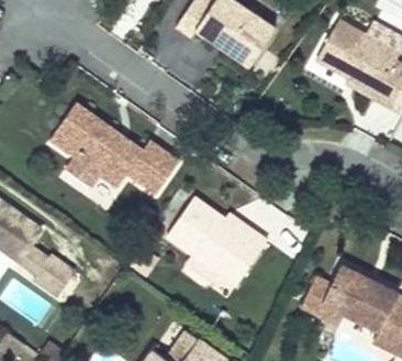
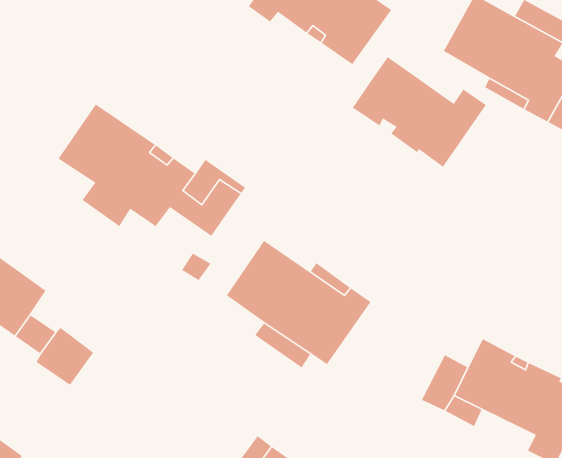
building: none -> [352,56,487,168]

